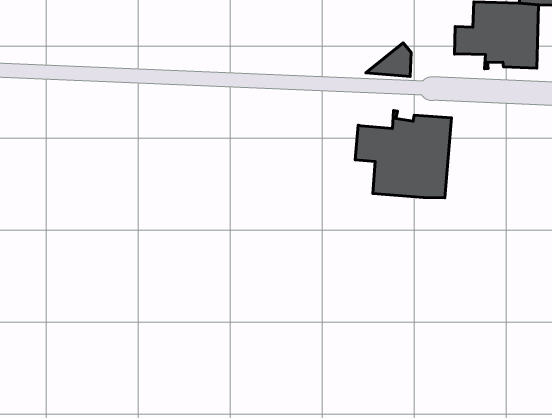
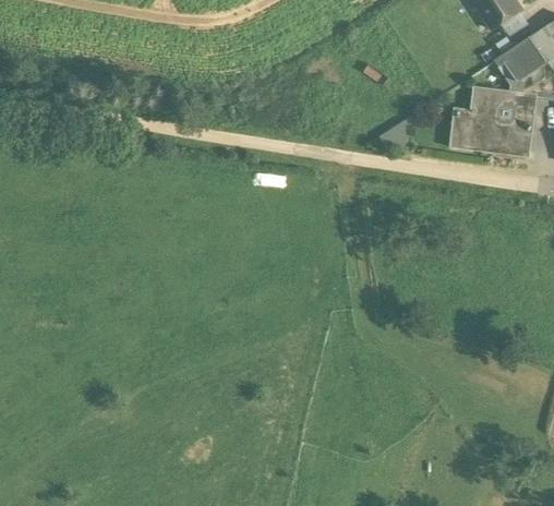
building: [355,110,451,198] -> none

